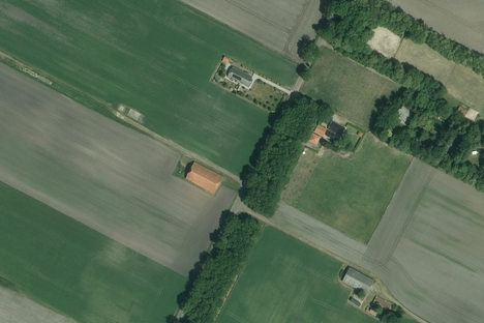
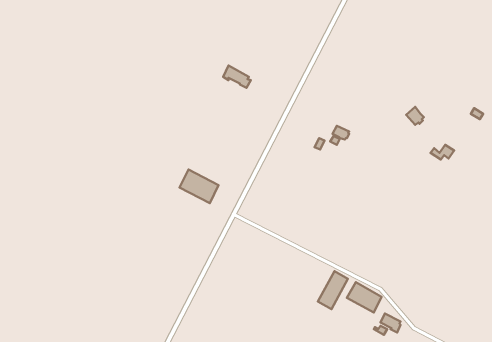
building: none -> [318,271,348,309]

